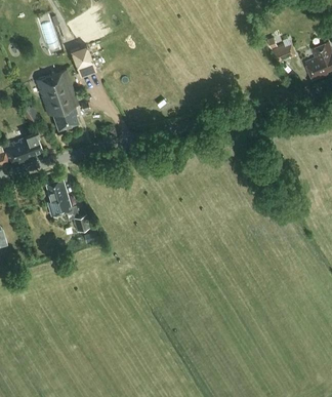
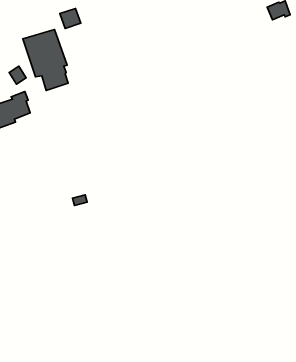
building: [45,178,89,232] -> none

